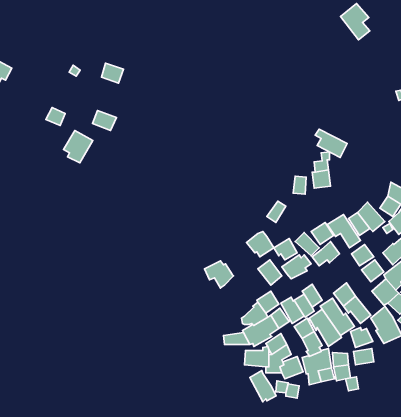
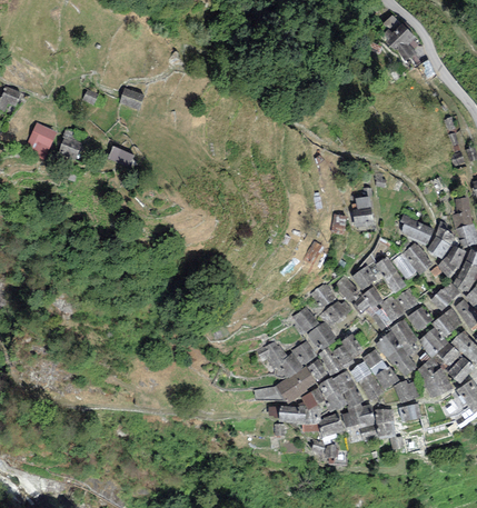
building: [315,129,347,158] -> [398,213,434,245]
building: [64,130,93,163] -> [26,123,58,159]
building: [247,232,274,257] -> [307,321,337,349]
building: none -> [371,295,405,330]
building: [204,261,234,288] -> [256,341,288,371]
building: none -> [390,319,421,356]
building: [250,371,276,402] -> [318,376,347,410]

